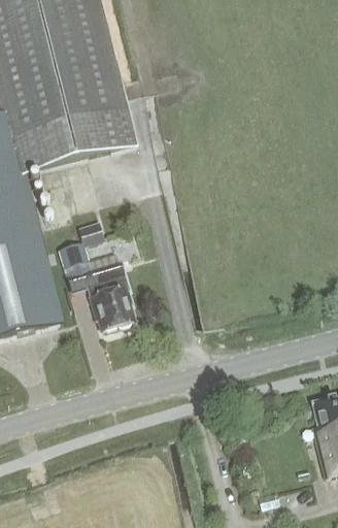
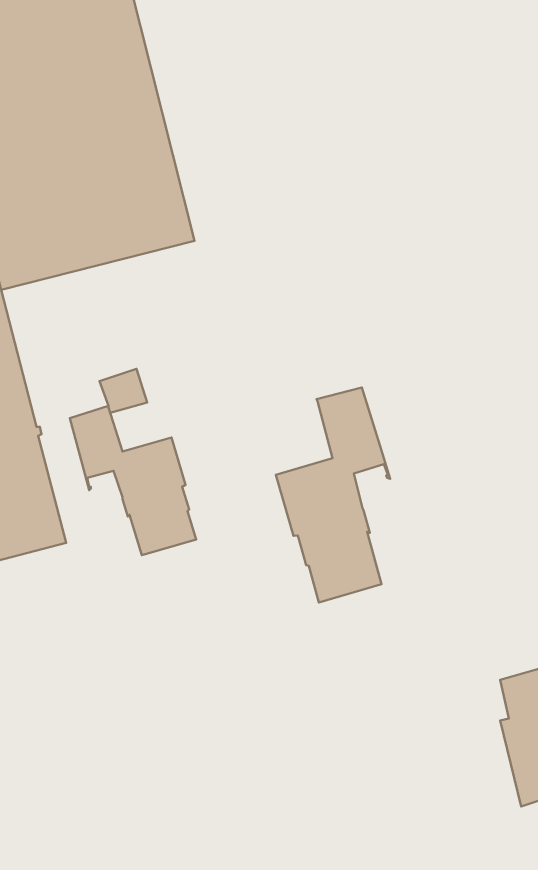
building: none -> [276,387,390,602]

